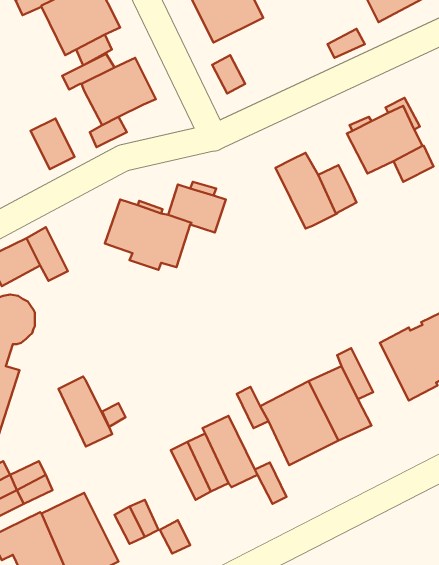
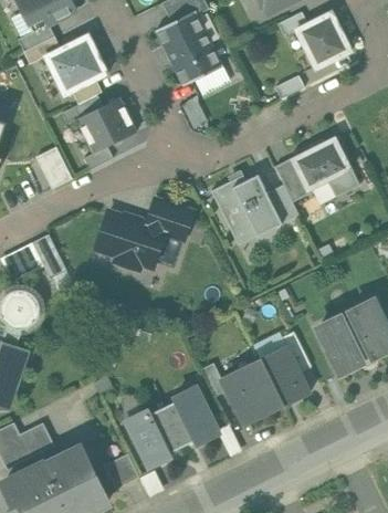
building: none -> [274,159,312,202]
building: none -> [210,175,256,245]
building: [58,376,112,447] -> [126,410,169,467]

